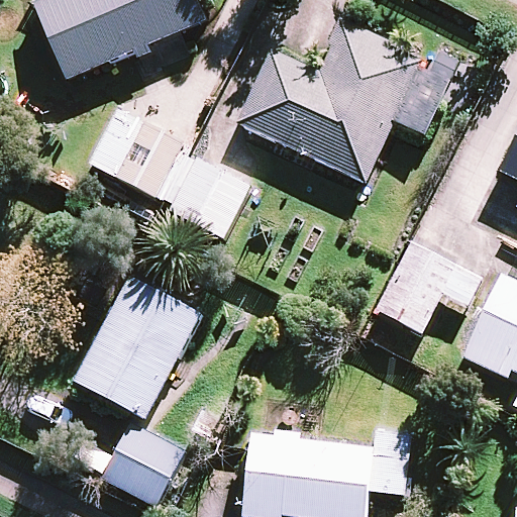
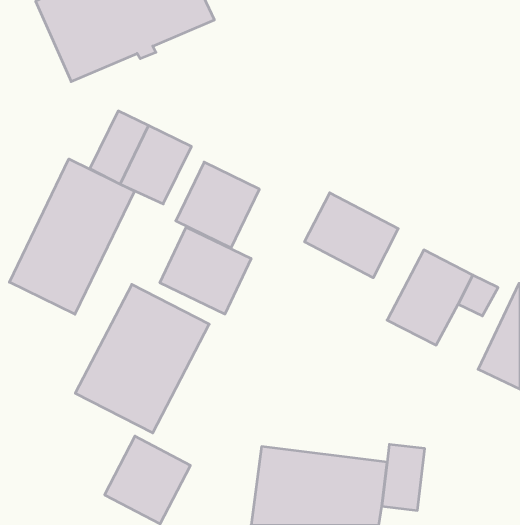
building: [235,19,424,184] -> none
building: none -> [9,159,135,314]
building: none -> [305,193,398,278]
building: none -> [160,227,251,314]

